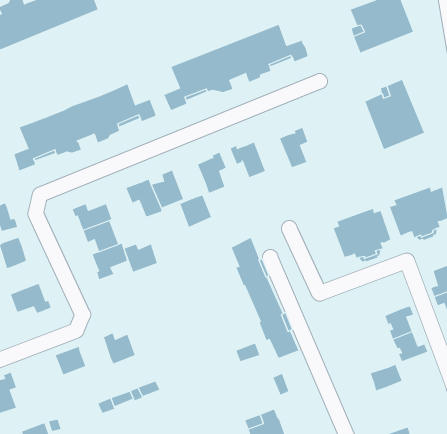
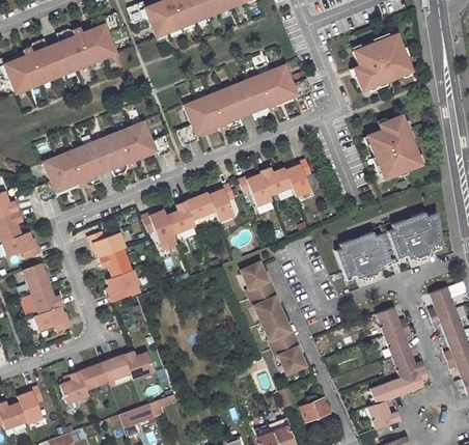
building: none -> [263,167,294,195]
building: [179,195,212,227] -> [188,191,218,221]
building: [124,243,158,272] -> none
building: none -> [34,283,67,312]
building: none -> [376,306,408,334]
building: none -> [102,354,130,381]
building: none -> [394,367,427,394]
building: none -> [59,370,89,404]
building: none -> [300,396,328,422]
building: none -> [367,400,398,428]

